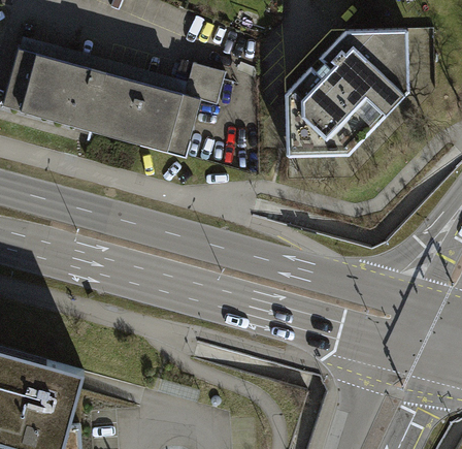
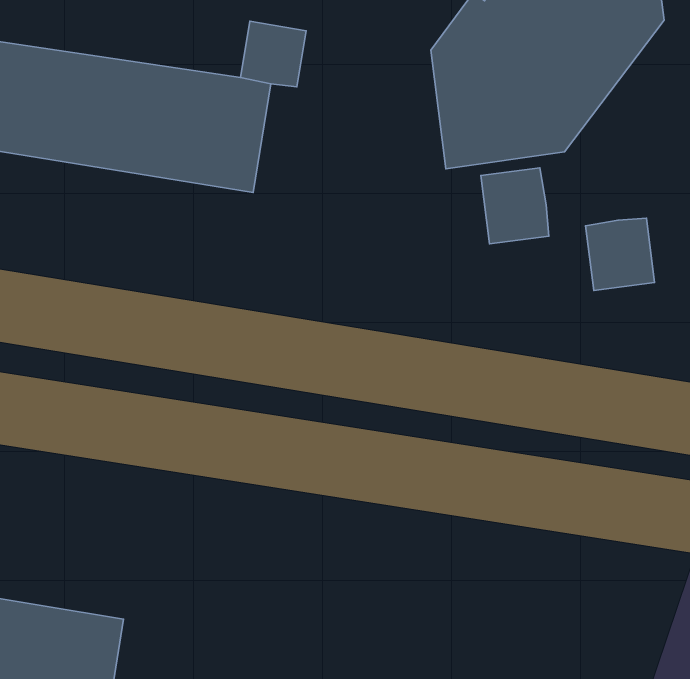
building: none -> [481,168,549,244]
building: none -> [585,218,655,290]

